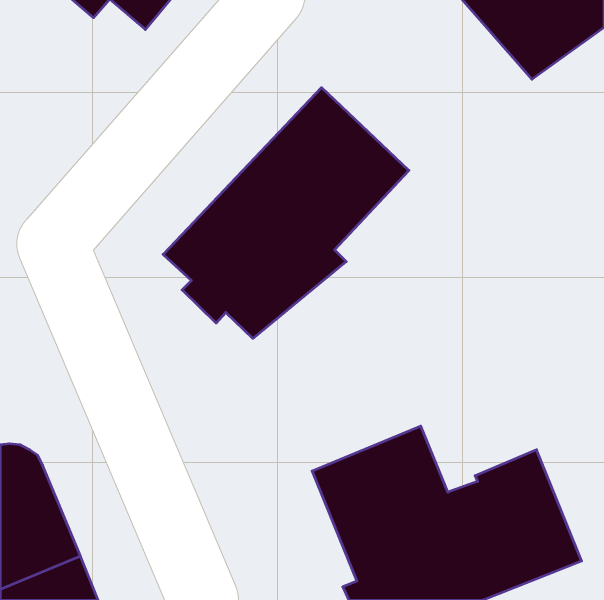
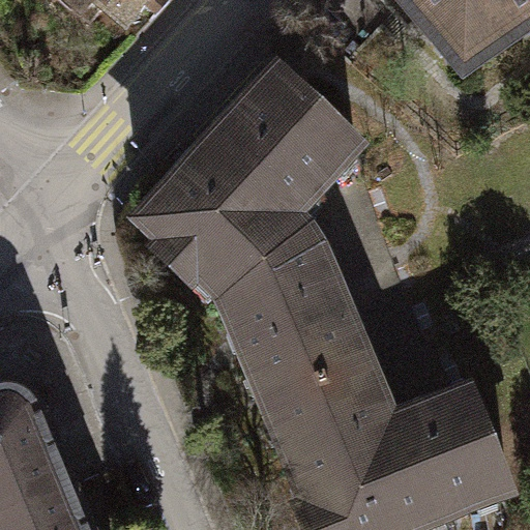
building: none -> [222,229,369,412]

